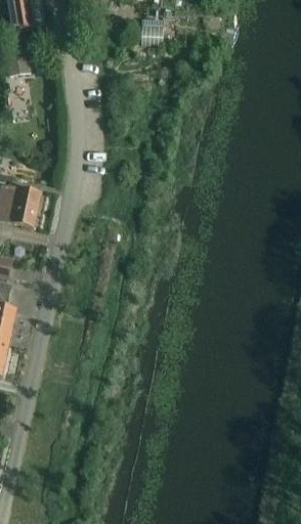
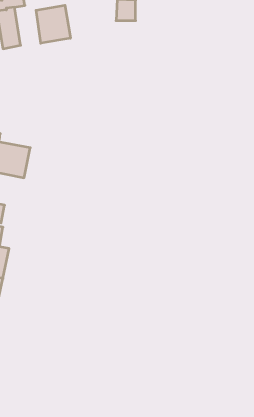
building: none -> [36,5,70,43]

